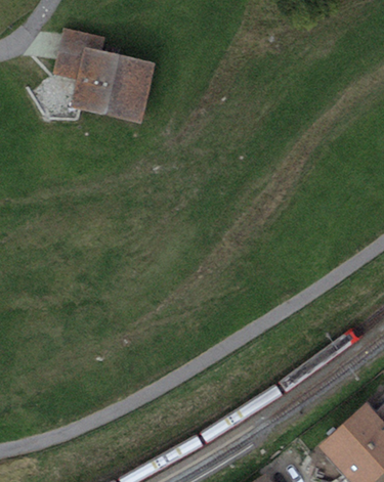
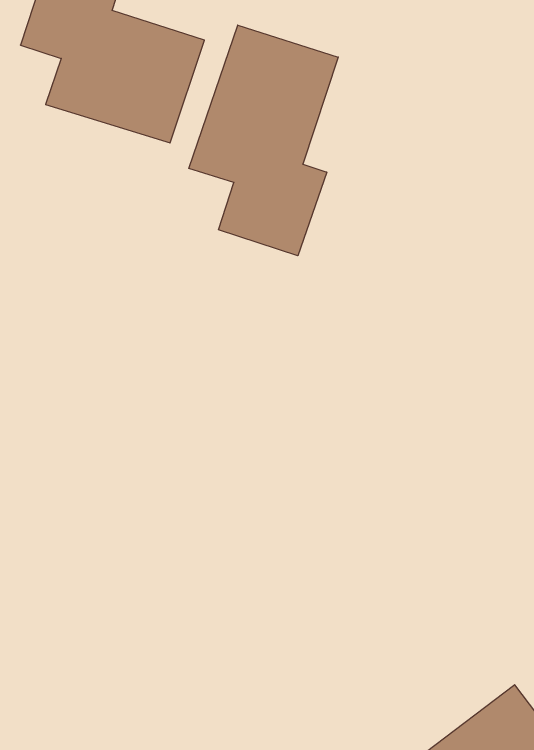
building: none -> [189,25,338,256]

